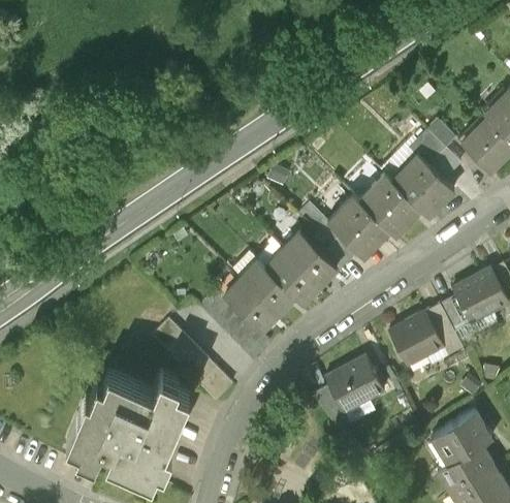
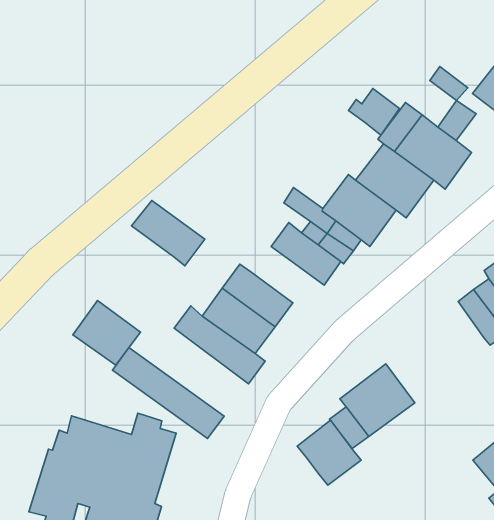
building: [407,130,448,168] -> [349,89,400,135]
building: [266,249,324,305] -> [132,201,205,266]
building: none -> [73,301,140,365]
building: [389,311,448,366] -> none
building: none -> [297,420,361,485]

